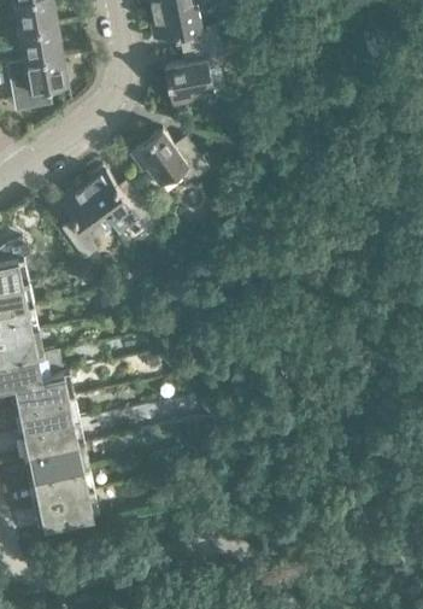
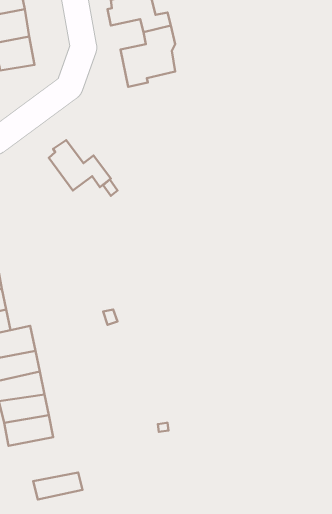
building: [129,133,207,189] -> none
building: [58,189,110,263] -> none
building: [39,498,93,528] -> [33,472,82,500]

